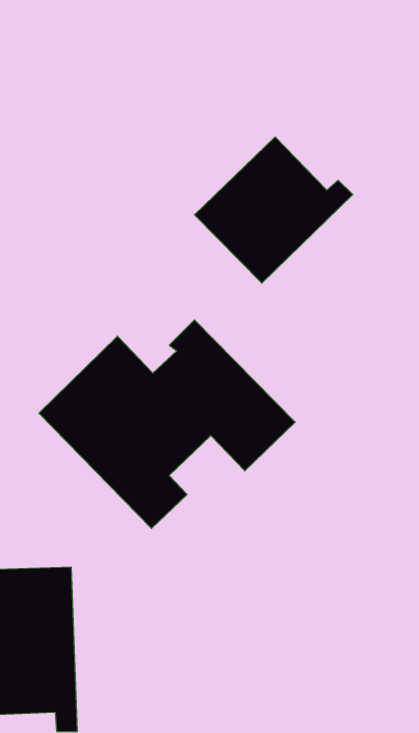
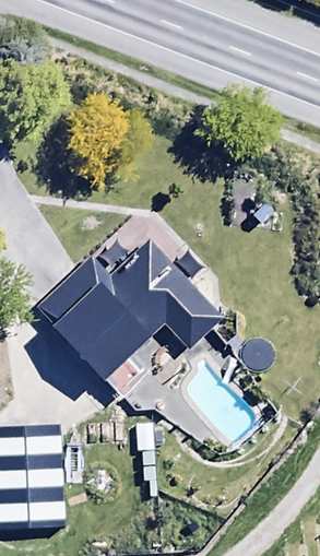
building: [194,137,353,283] -> none

